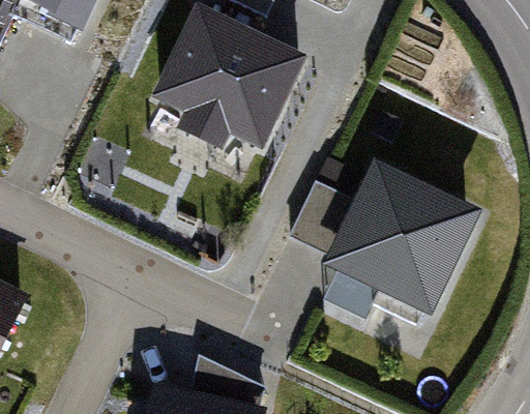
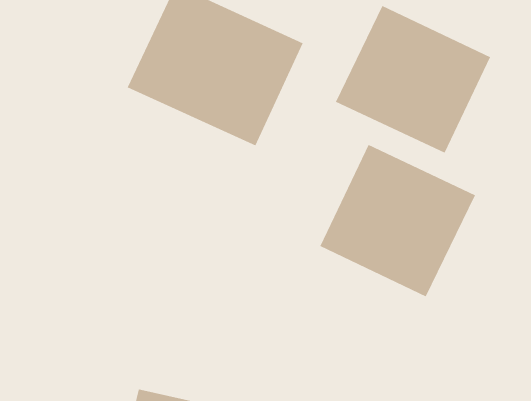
building: none -> [335,5,491,154]

